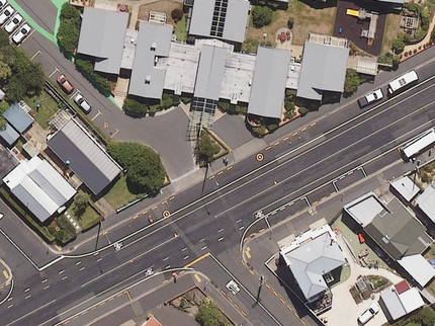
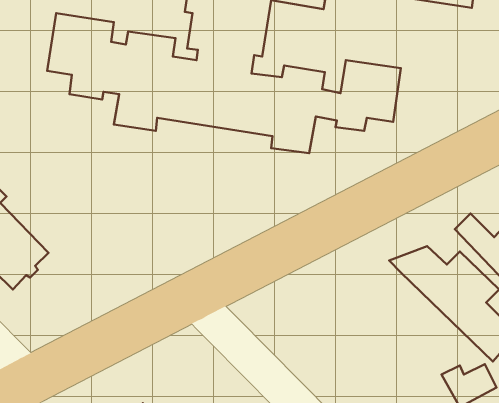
building: [51,121,125,197] -> none
building: [275,217,343,292] -> none

